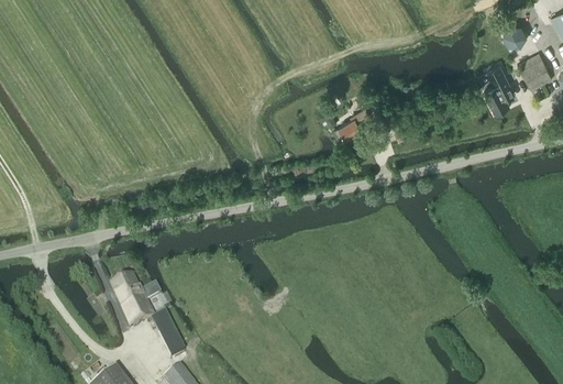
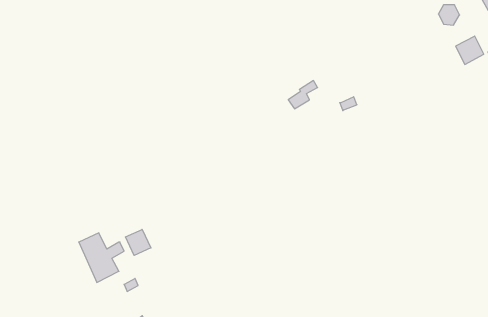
building: [484,66,515,113] -> none
building: none -> [125,229,151,255]

